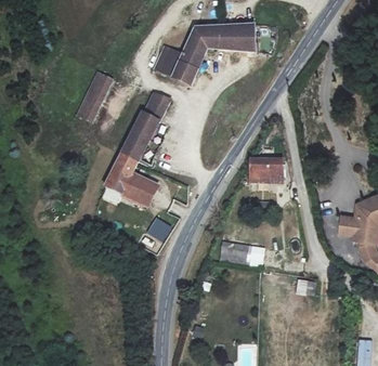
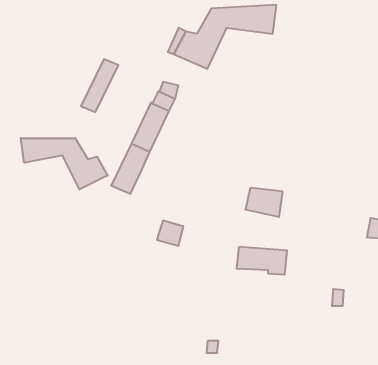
building: none -> [21,138,108,190]
building: [249,162,283,188] -> [245,188,283,217]
building: [122,174,158,207] -> none

